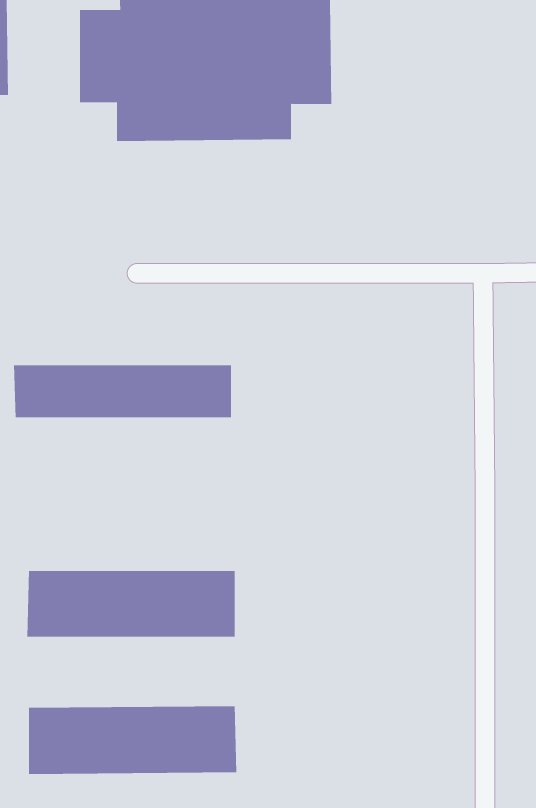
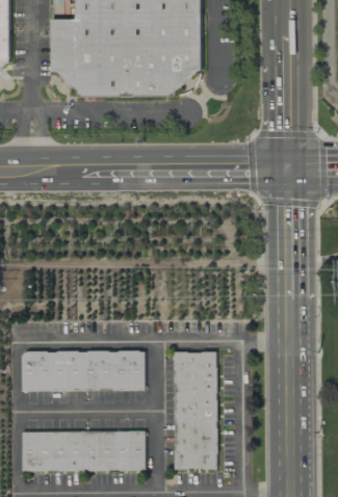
building: [13,365,232,418] -> none
building: none -> [175,352,217,470]

